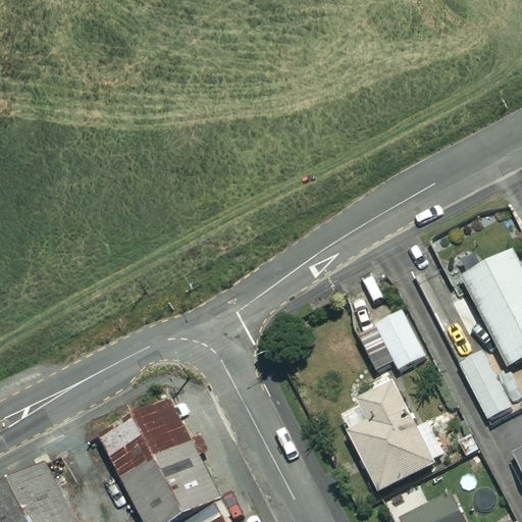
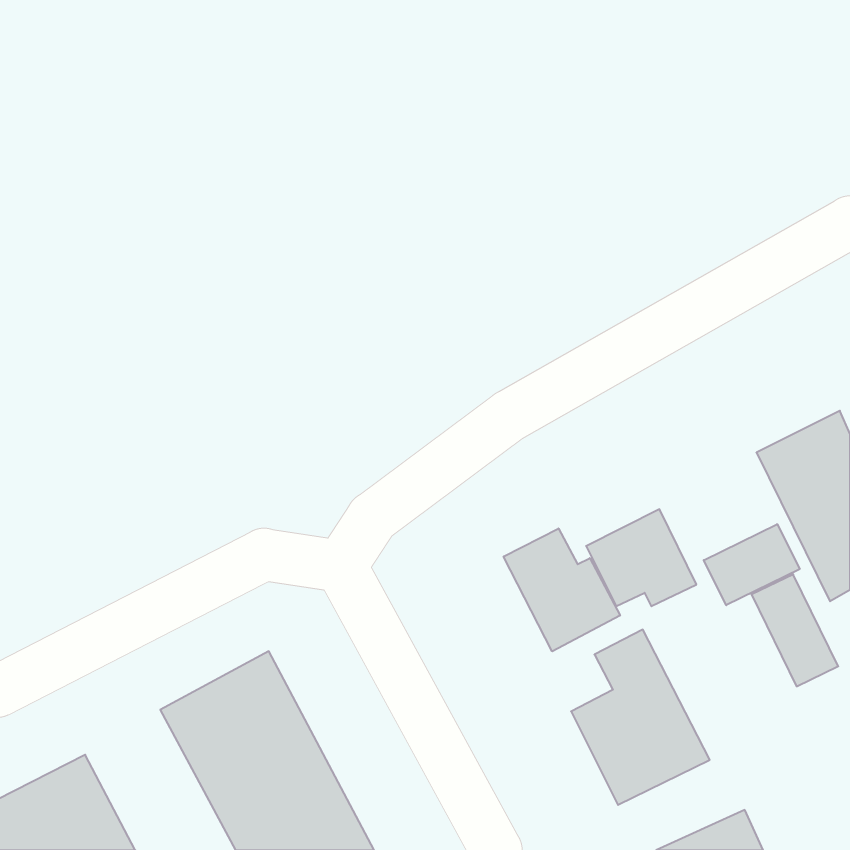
building: none -> [704,524,800,605]
building: none -> [504,528,620,651]

